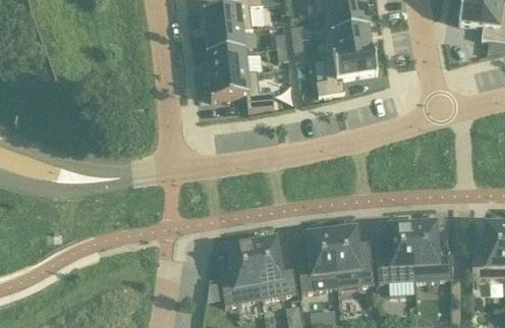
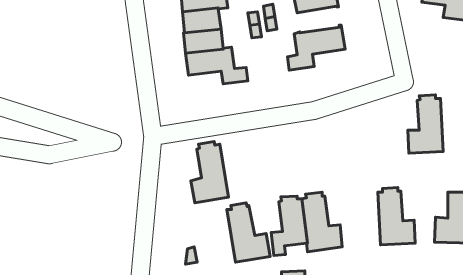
building: [326,28,372,56] -> none
building: [377,221,414,283] -> [408,95,443,153]
building: [221,240,261,306] -> [191,141,228,203]

